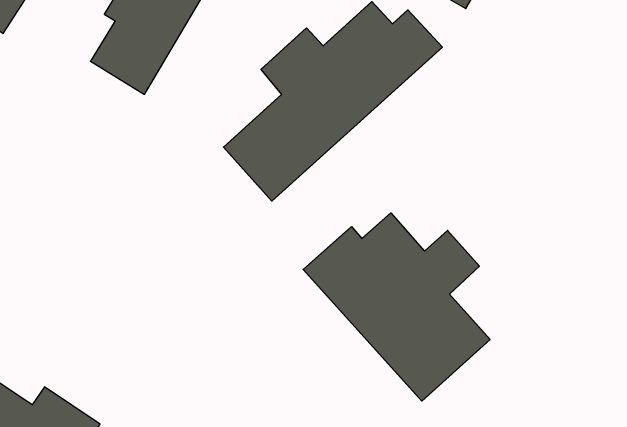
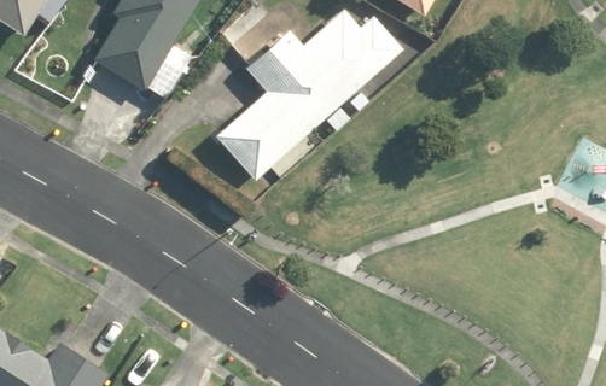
building: [303,213,490,401] -> none

